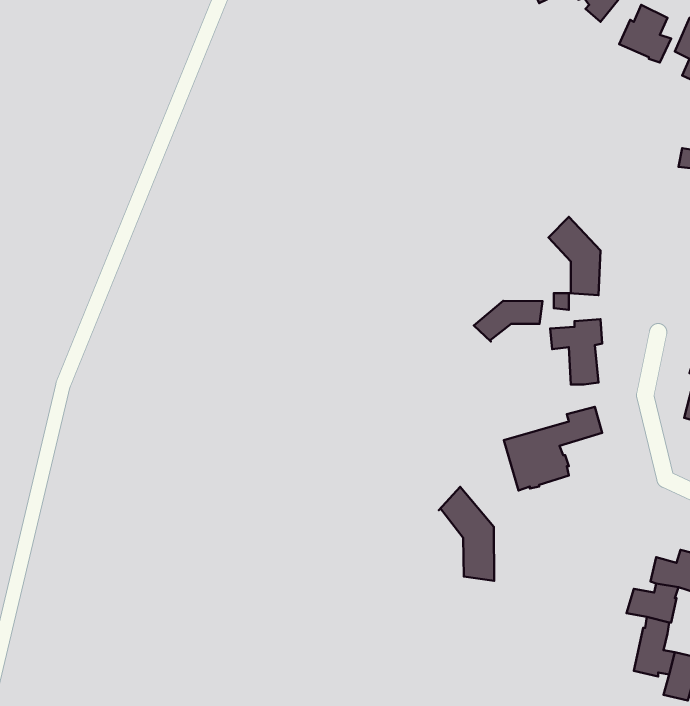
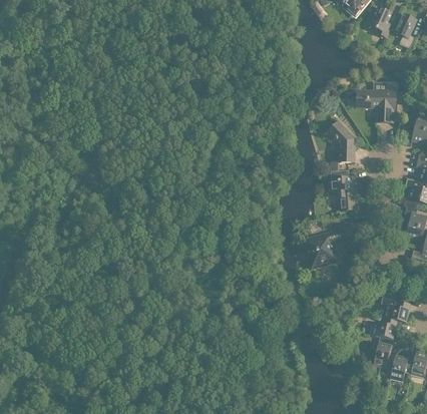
building: none -> [357,82,396,121]
building: [474,301,543,342] -> none
building: [439,487,494,581] -> none

